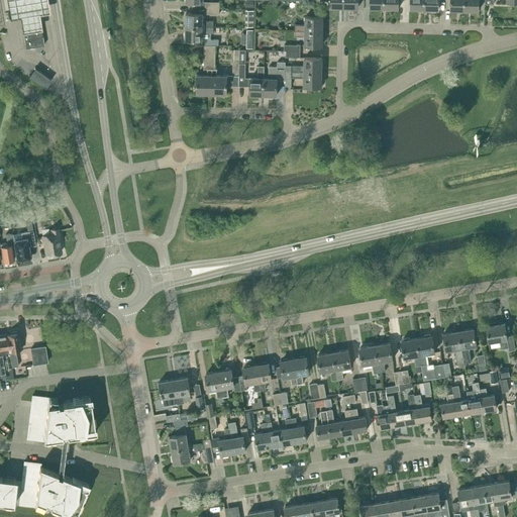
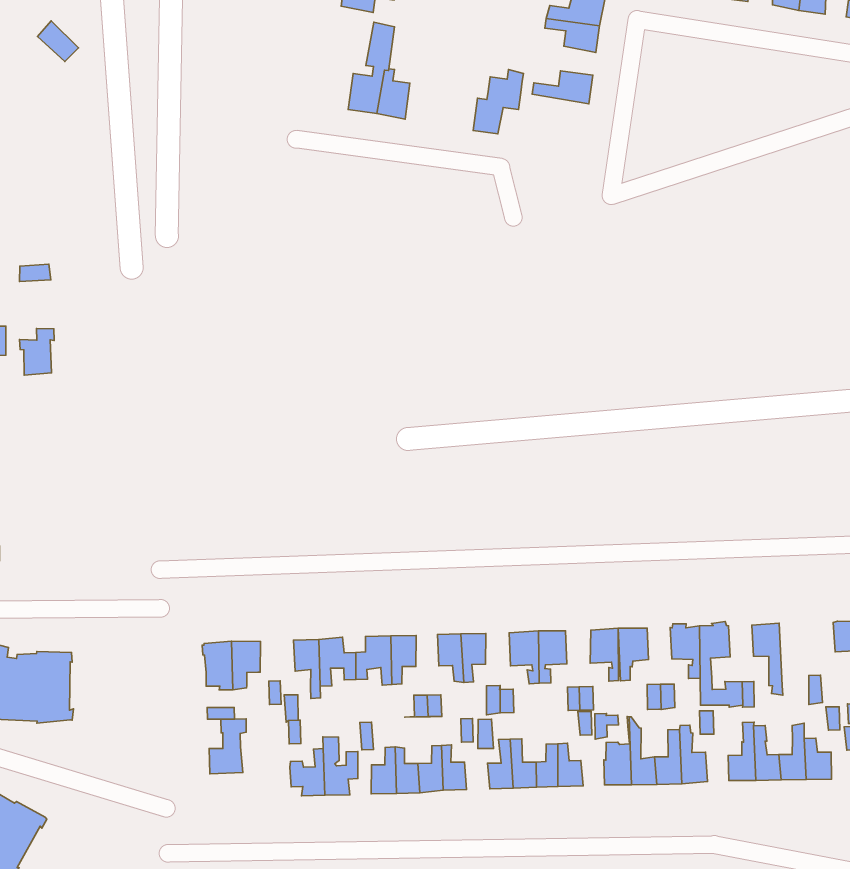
building: [238,65,264,97] -> none
building: [284,68,321,88] -> none
building: [457,330,476,365] -> none
building: [171,440,213,468] -> none

